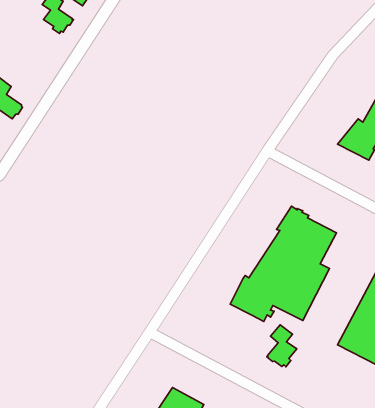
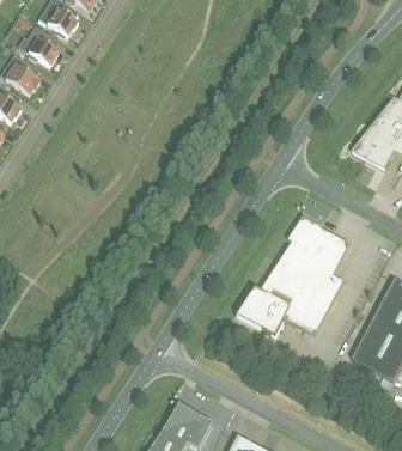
building: none -> [29,25,60,63]
building: none -> [8,53,44,93]
building: [267,325,297,367] -> none

